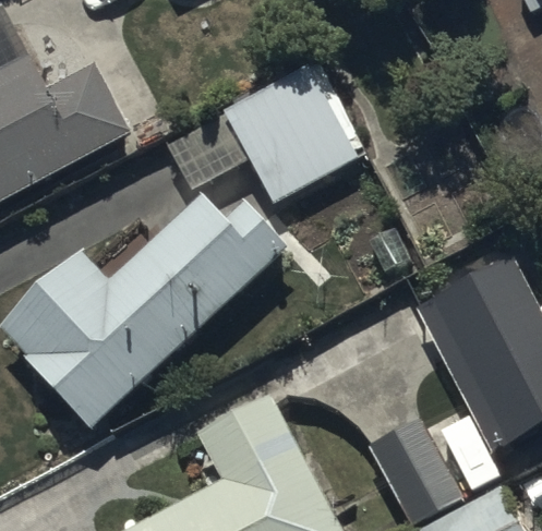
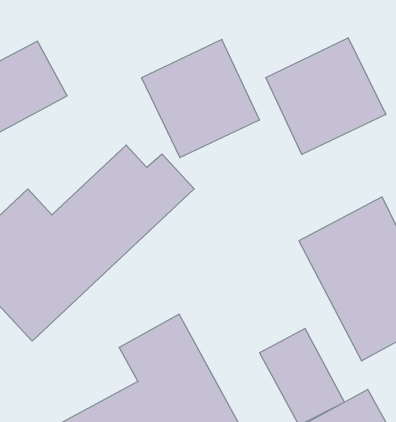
building: none -> [266,38,386,155]

